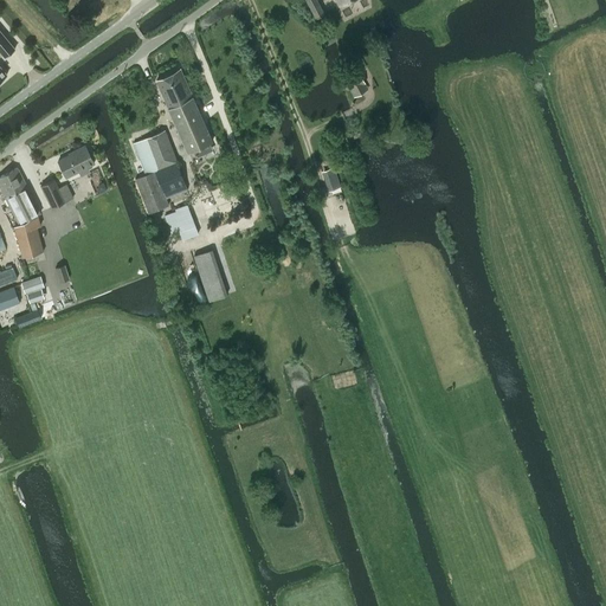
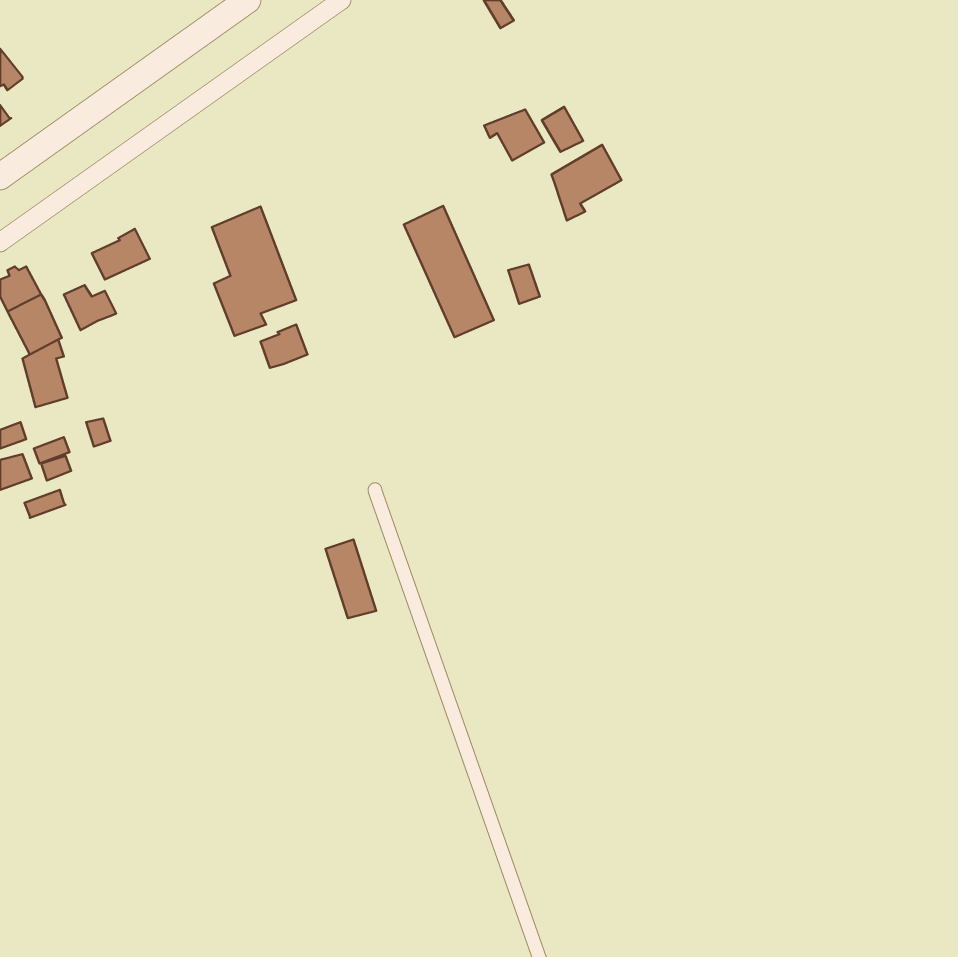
building: [155,70,212,153] -> [404,206,494,337]
building: none -> [484,109,544,160]
building: none -> [552,145,622,221]
building: [194,251,226,301] -> [325,539,376,618]

